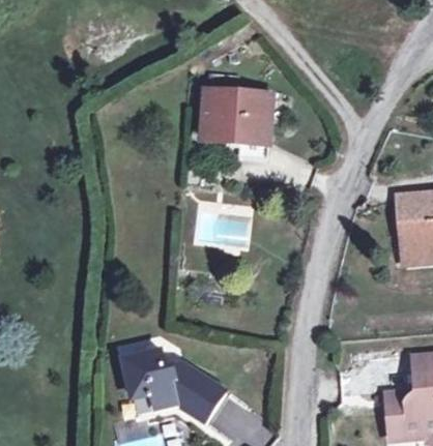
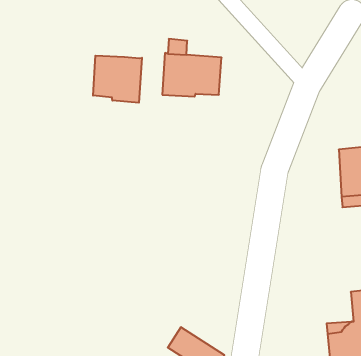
building: none -> [93,56,142,103]
building: [124,352,222,422] -> none

